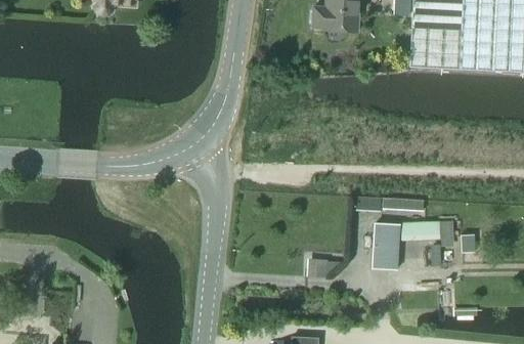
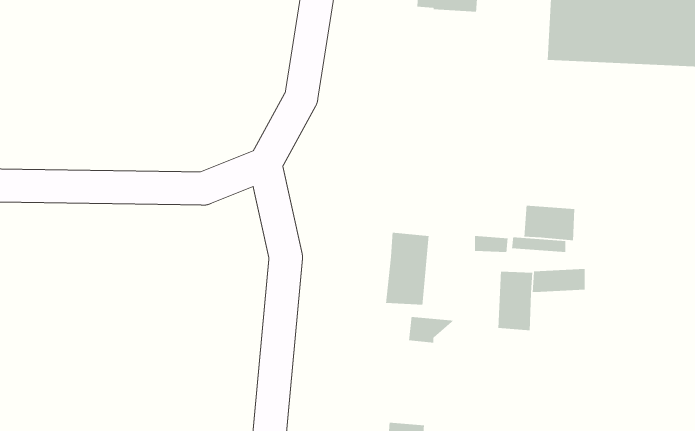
building: none -> [523,205,575,241]
building: none -> [385,232,429,306]

